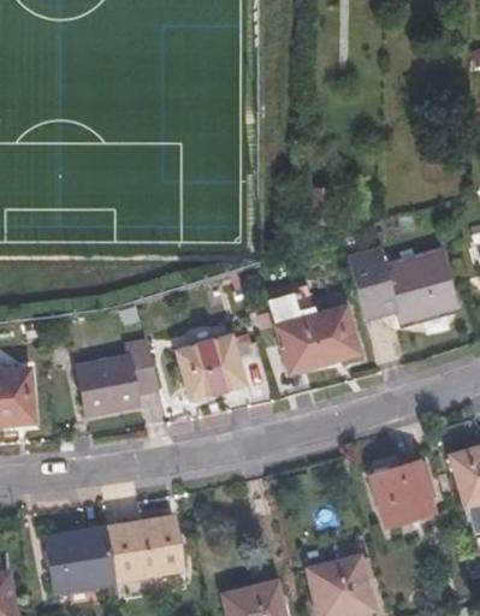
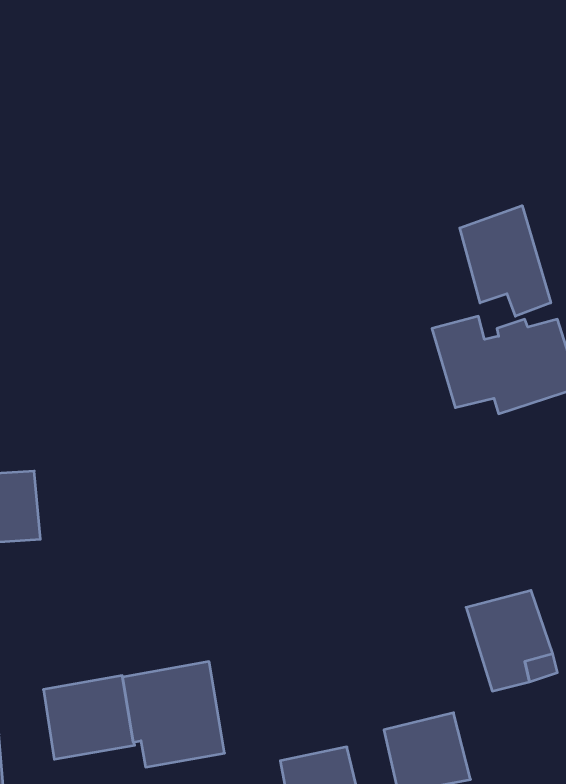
building: none -> [460,206,551,316]
building: [268,288,358,368] -> none
building: [182,338,250,399] -> none
building: [75,353,142,414] -> none

